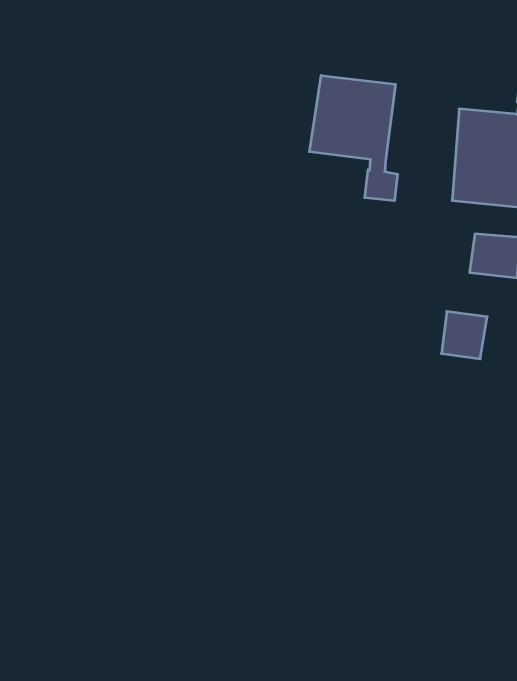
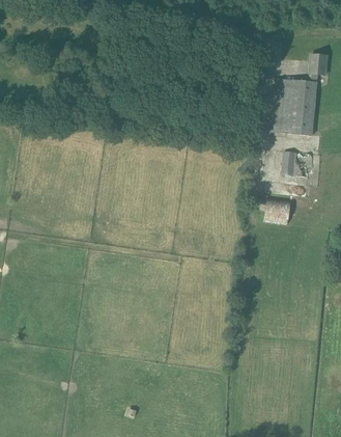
building: [309,75,397,201] -> none

